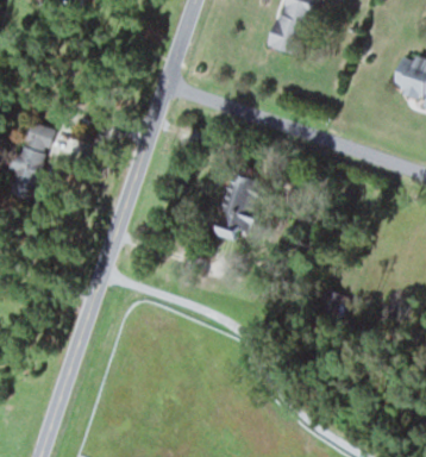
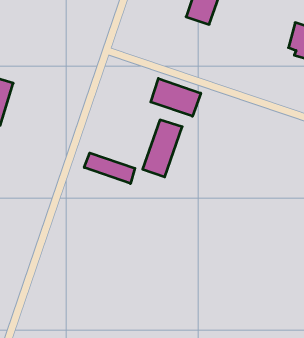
building: none -> [151,78,201,116]
building: none -> [84,153,135,184]

